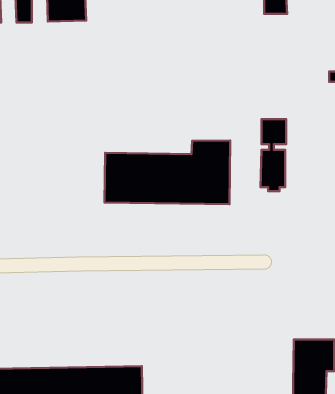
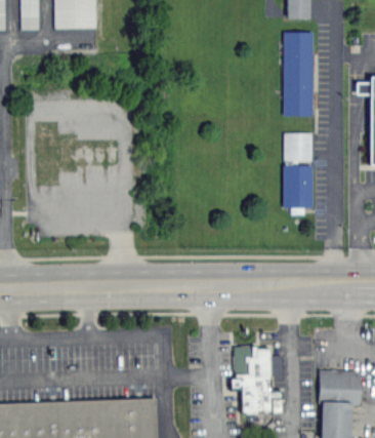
building: none -> [283,33,315,117]
building: [104,141,230,204] -> none
building: none -> [233,346,282,414]

